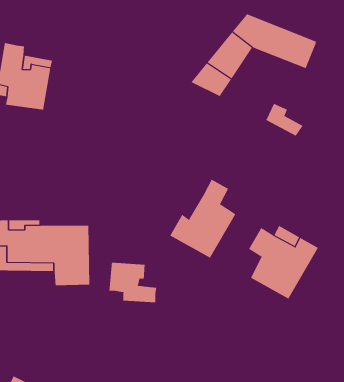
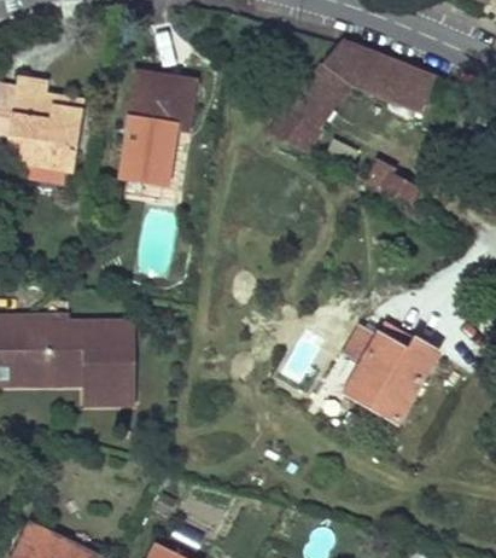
building: none -> [121,74,193,182]
building: [170,179,236,258] -> none
building: [109,262,157,303] -> none

